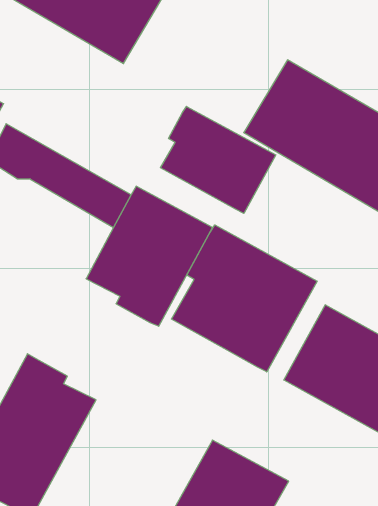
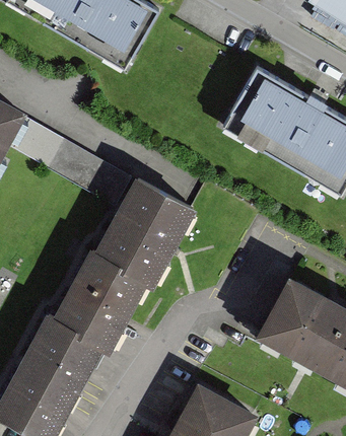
building: [160,106,276,213] -> none
building: [171,225,317,372] -> none
building: none -> [55,246,147,352]

